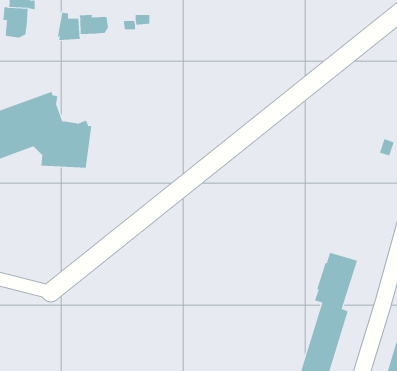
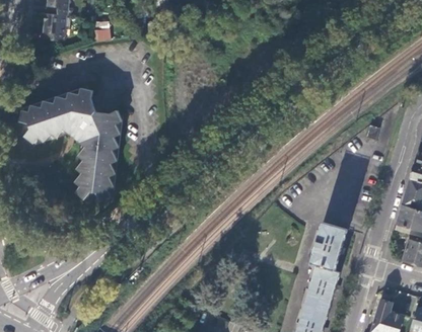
building: [79,14,109,35] -> none
building: none -> [68,149,115,198]

